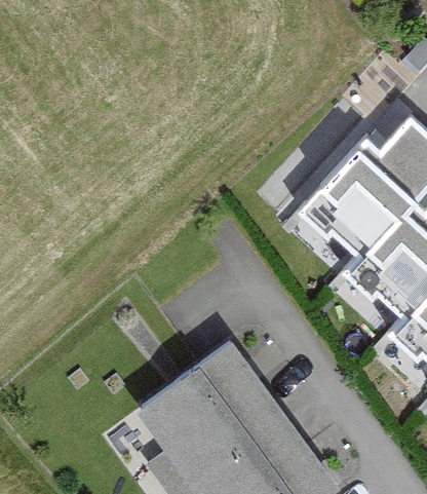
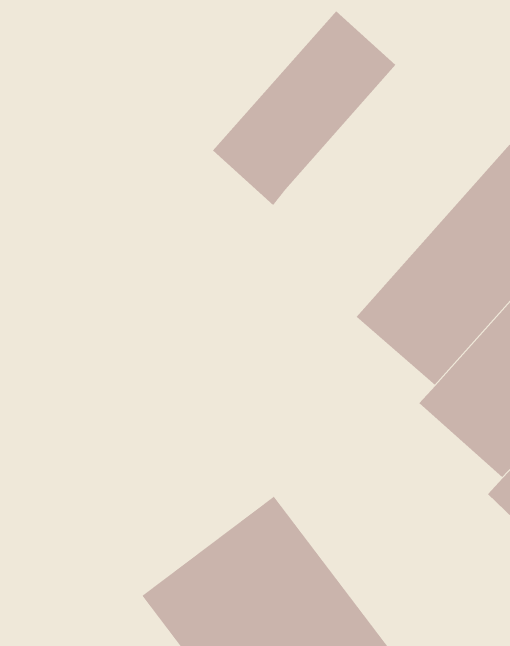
building: none -> [212,10,396,206]

